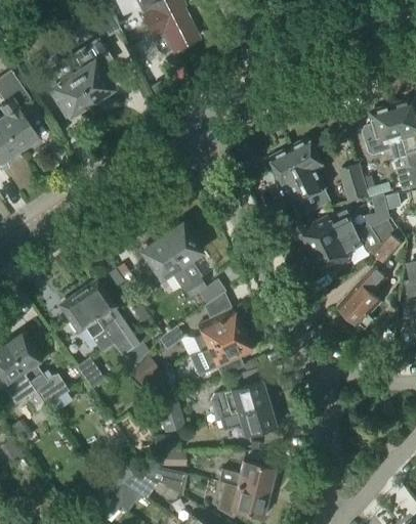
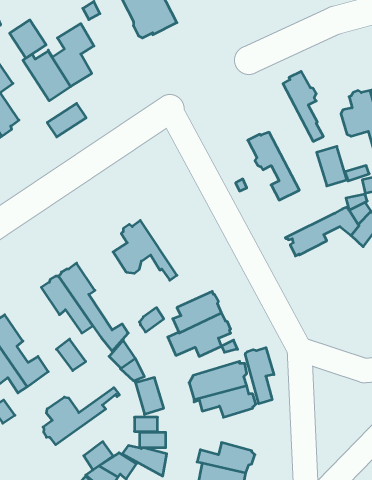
building: none -> [10,20,46,58]
building: none -> [47,103,86,137]
building: [290,136,331,207] -> [283,71,323,141]
building: [298,216,357,255] -> none
building: [160,221,224,304] -> none
building: [338,266,384,328] -> none
building: none -> [245,348,274,404]
building: none -> [43,388,119,445]

